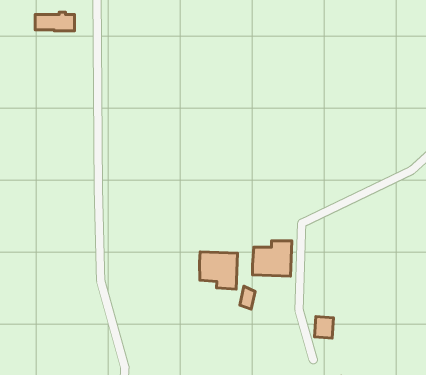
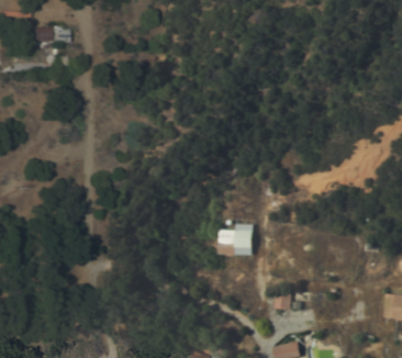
building: [200,252,237,289] -> none

